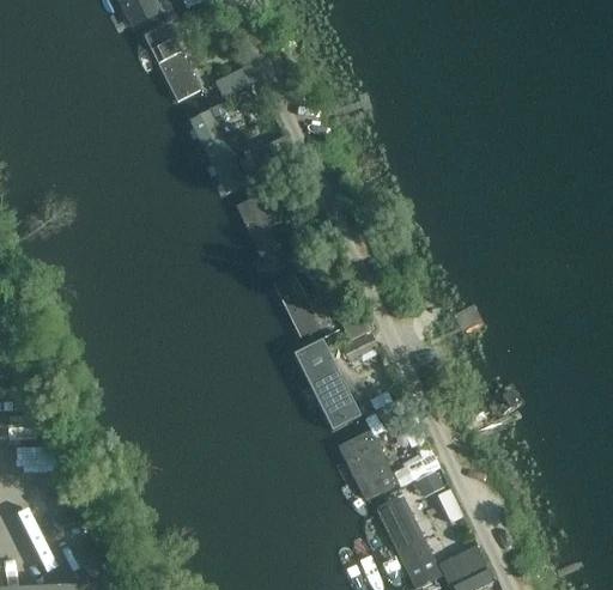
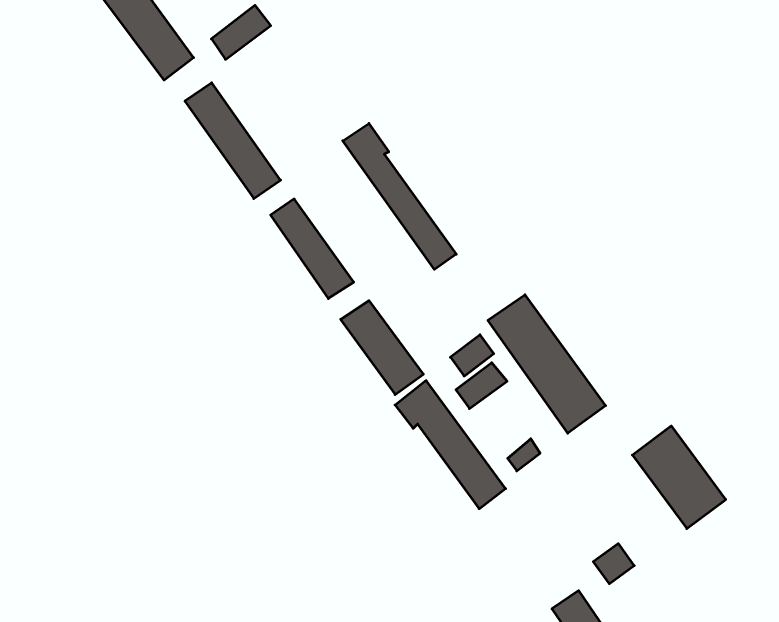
building: none -> [343,123,456,269]
building: none -> [488,295,606,433]
building: [336,432,395,504] -> [632,426,726,529]

